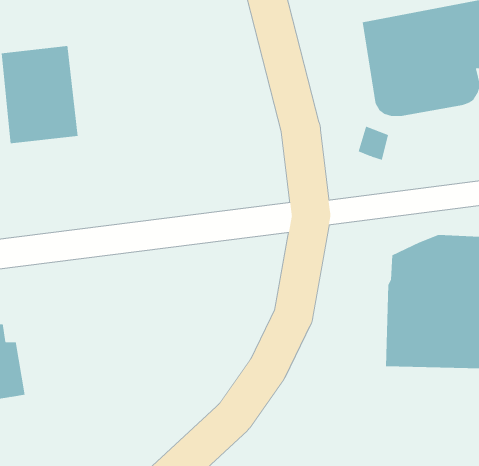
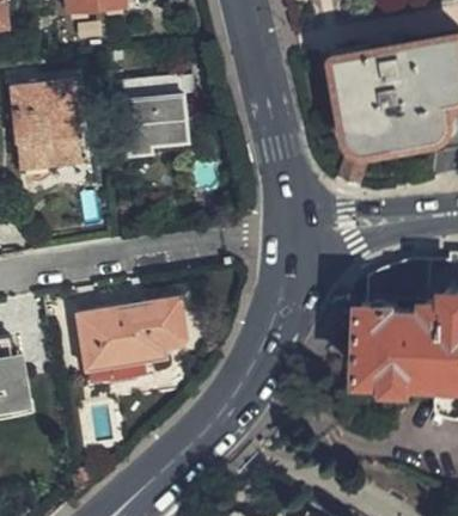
building: none -> [122,81,185,165]
building: none -> [77,300,185,389]

